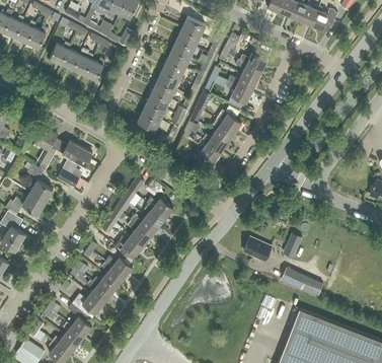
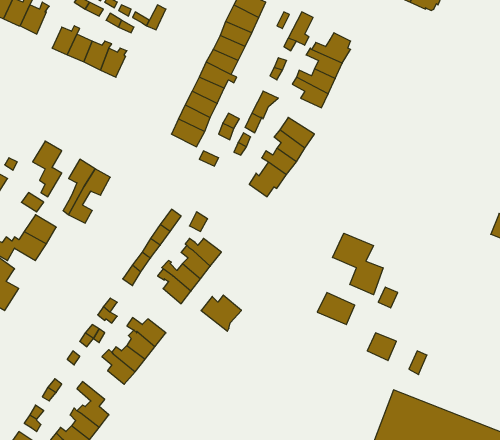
building: none -> [333,233,383,295]
building: [114,234,144,261] -> [201,295,241,331]
building: [72,293,102,318] -> none

